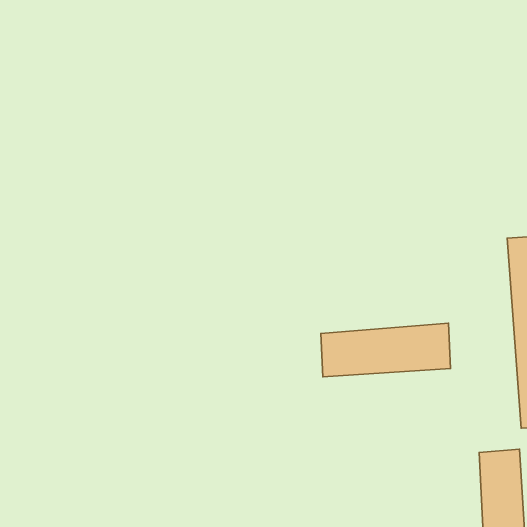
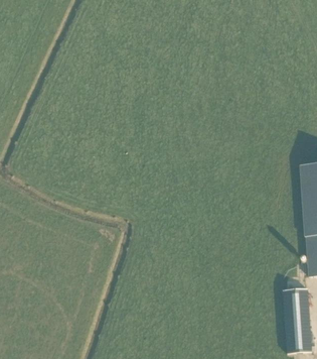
building: [321,323,451,377] -> none

